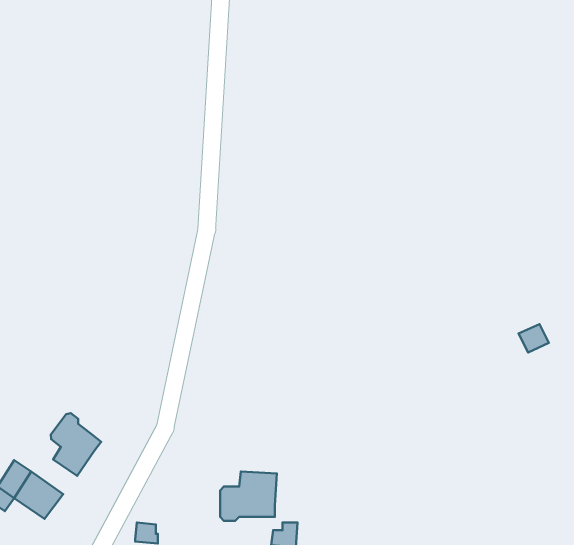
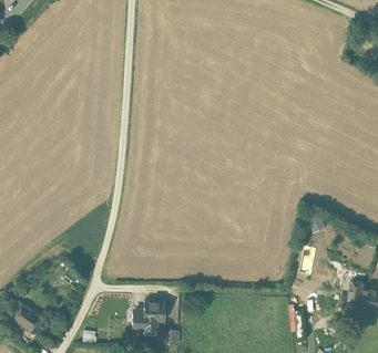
building: [51,413,101,476] -> none

